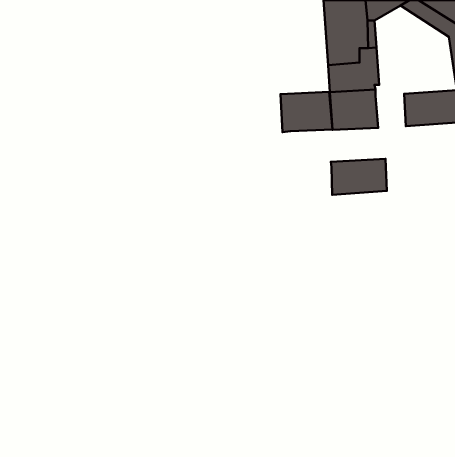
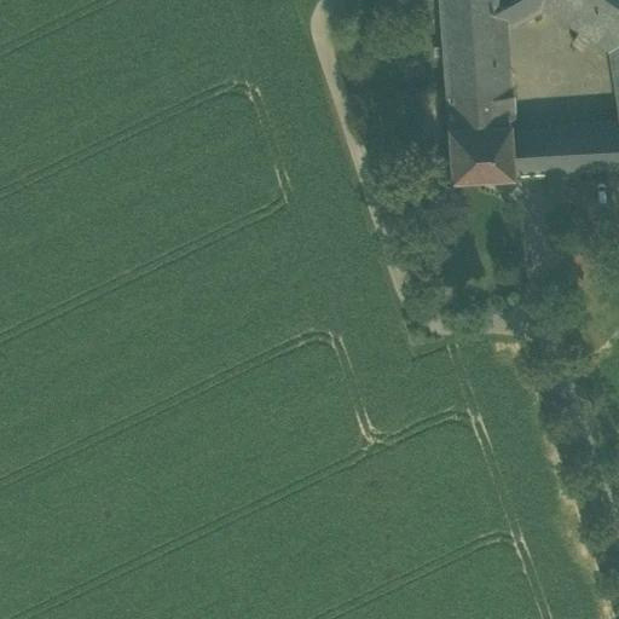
building: [280,92,333,132] -> none
building: none -> [510,127,551,173]
building: [331,159,387,195] -> none

